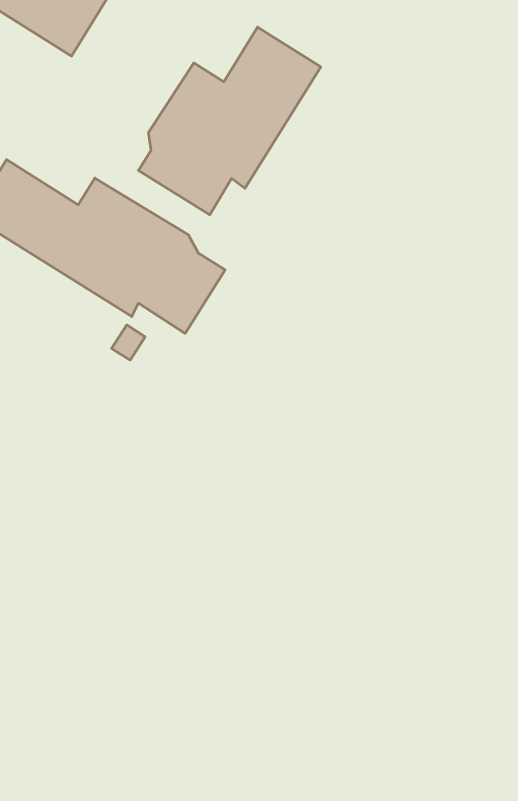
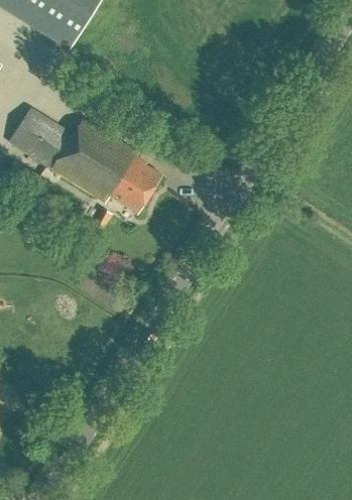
building: [138,27,321,215] -> none

